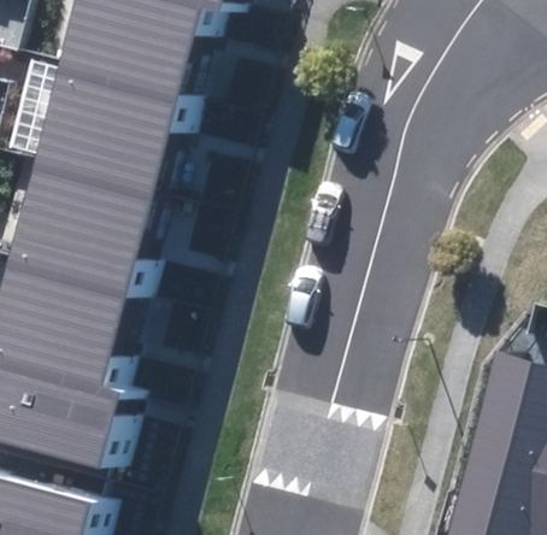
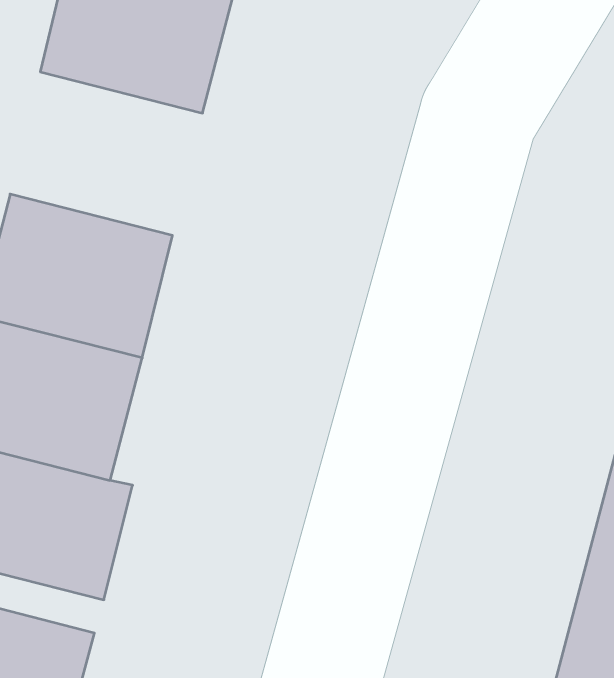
building: [40,70,186,194] -> none

